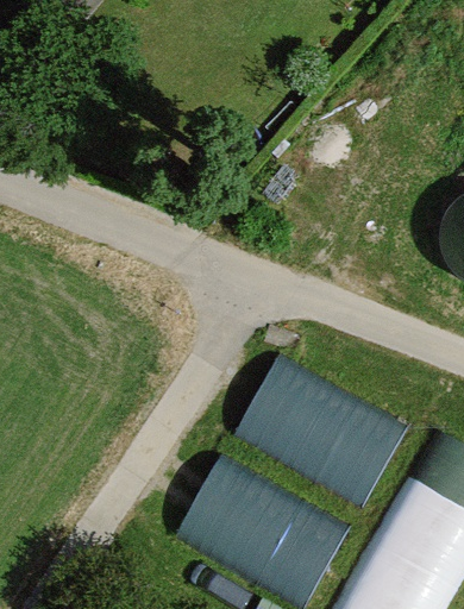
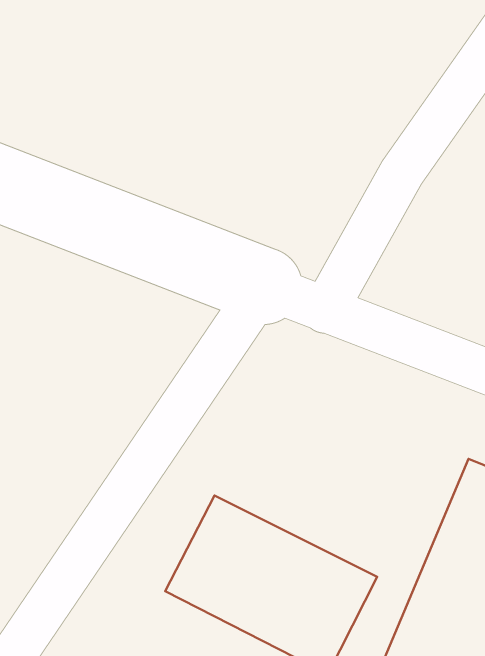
building: [239,363,409,500] -> none

